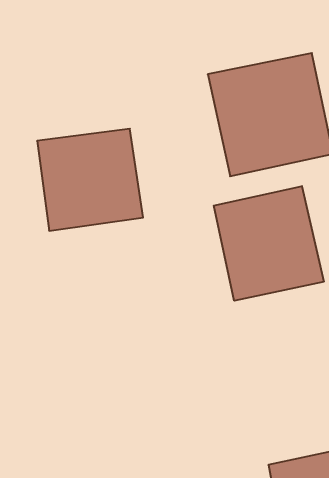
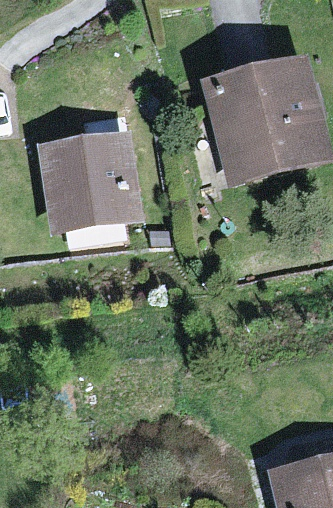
building: [214,186,324,301] -> none

